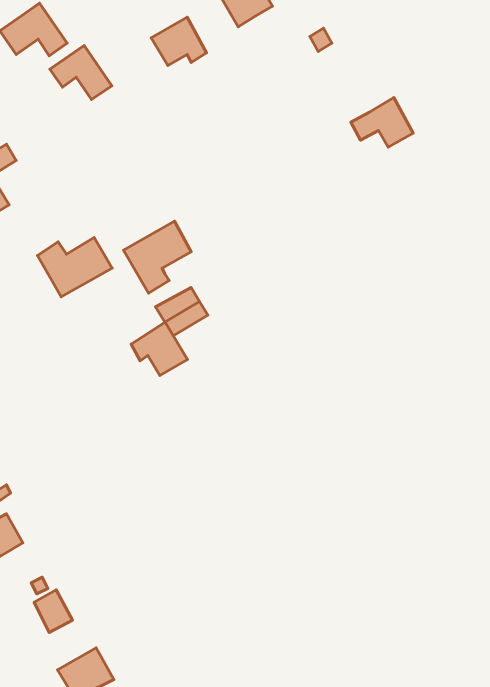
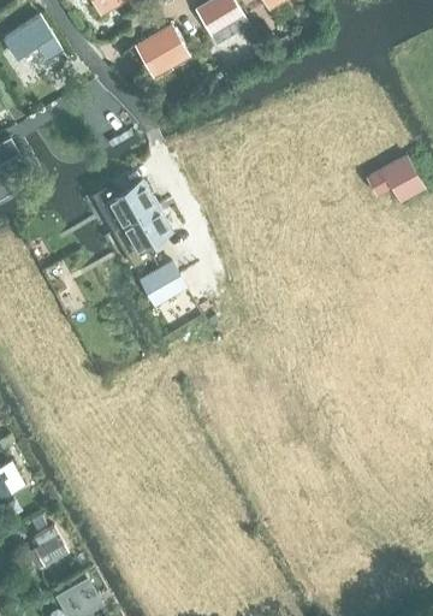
building: [50,45,112,100] -> none
building: [351,97,413,147] -> [368,158,422,201]
building: [38,238,112,297] -> [91,179,156,231]
building: [131,322,188,376] -> none

